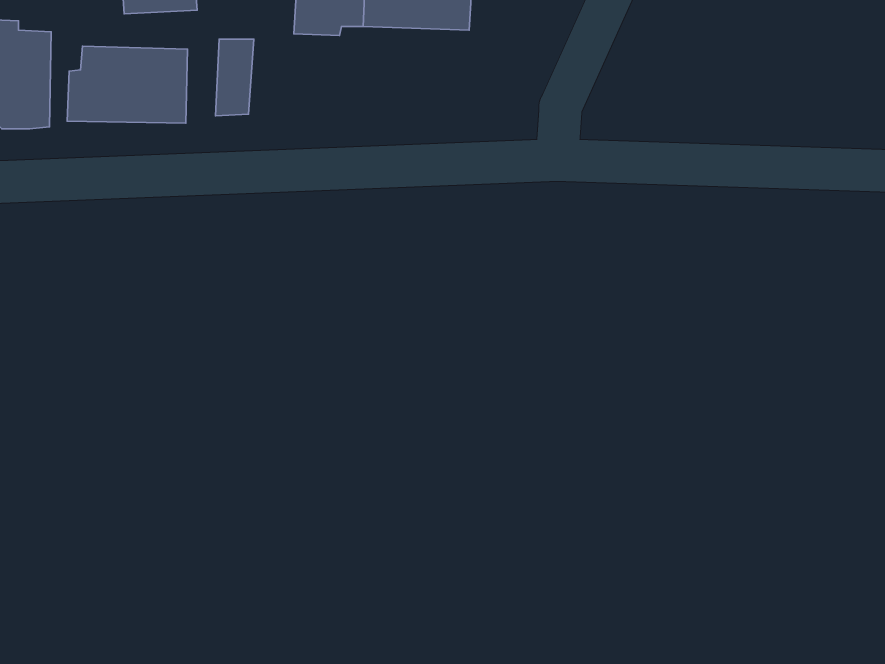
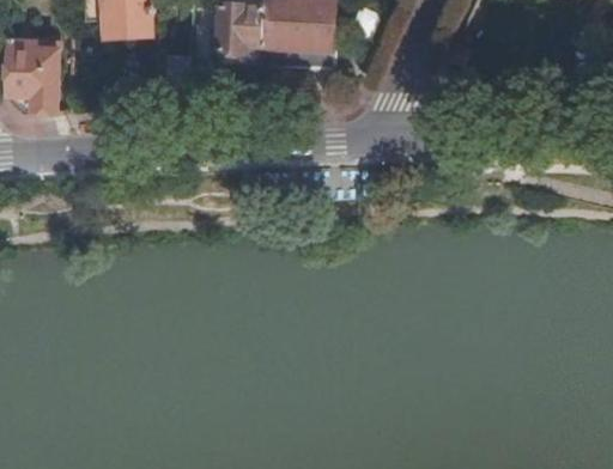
building: [67,46,187,123] -> none

